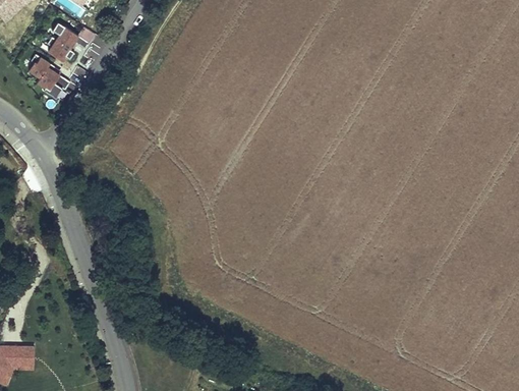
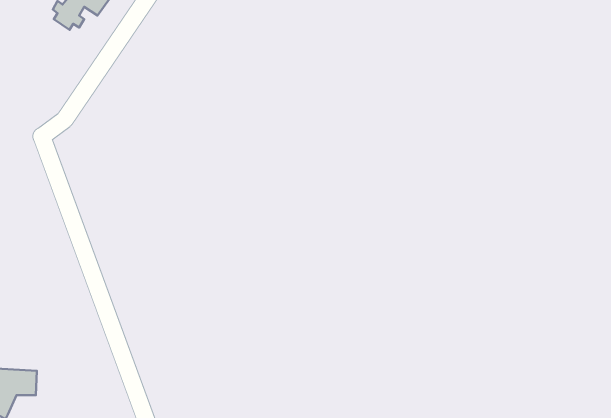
building: [26,53,69,98] -> none

